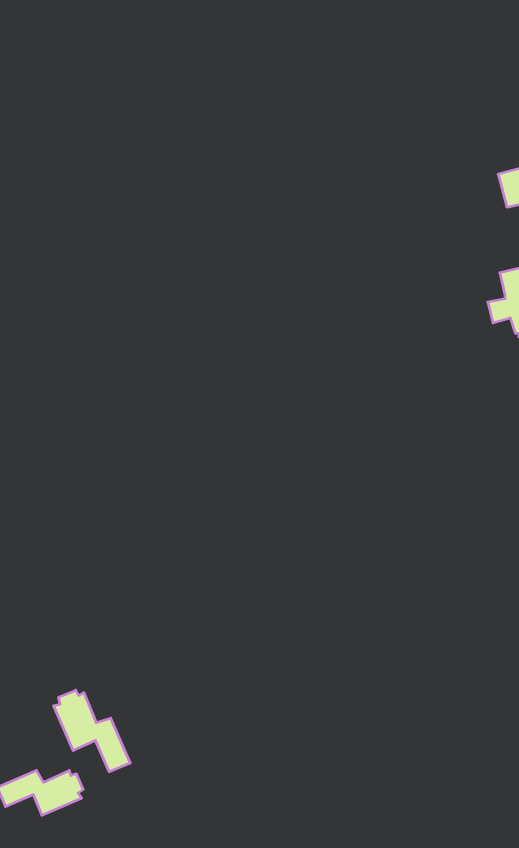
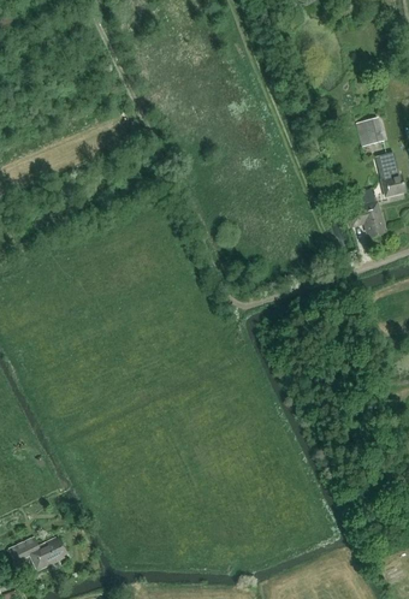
building: [54,690,130,772] -> none

